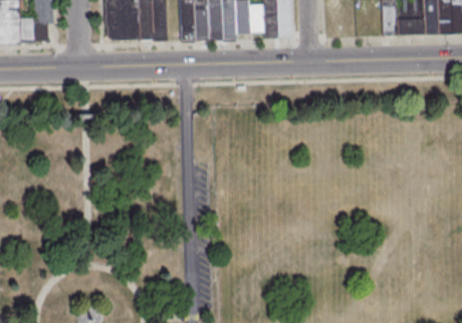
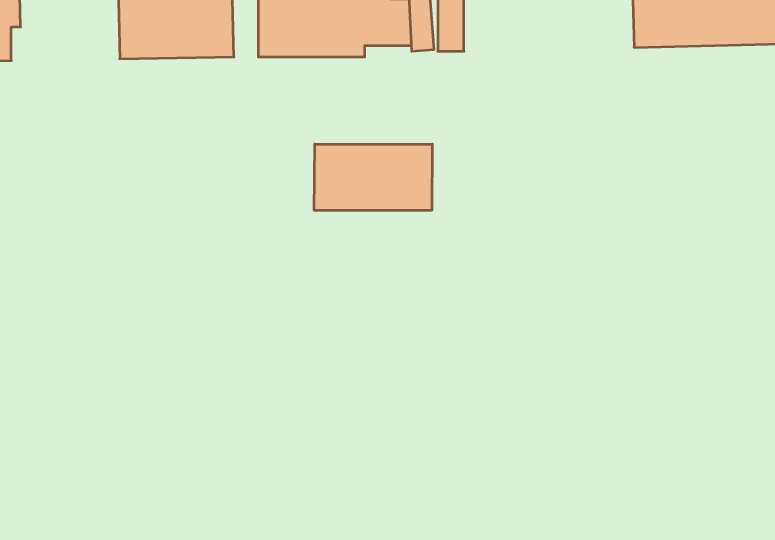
building: none -> [314,144,432,210]

